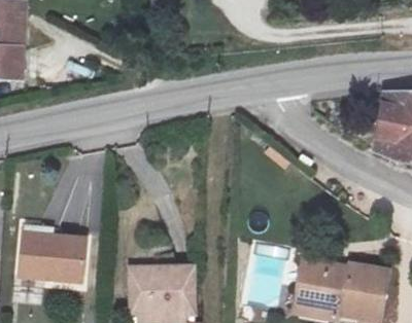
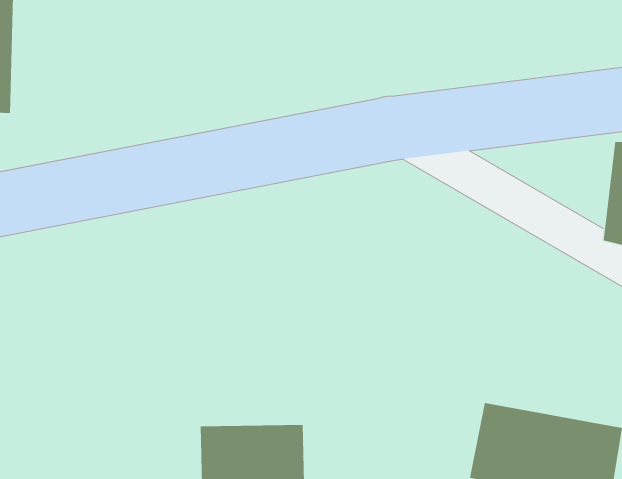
building: [20,231,89,284] -> none

